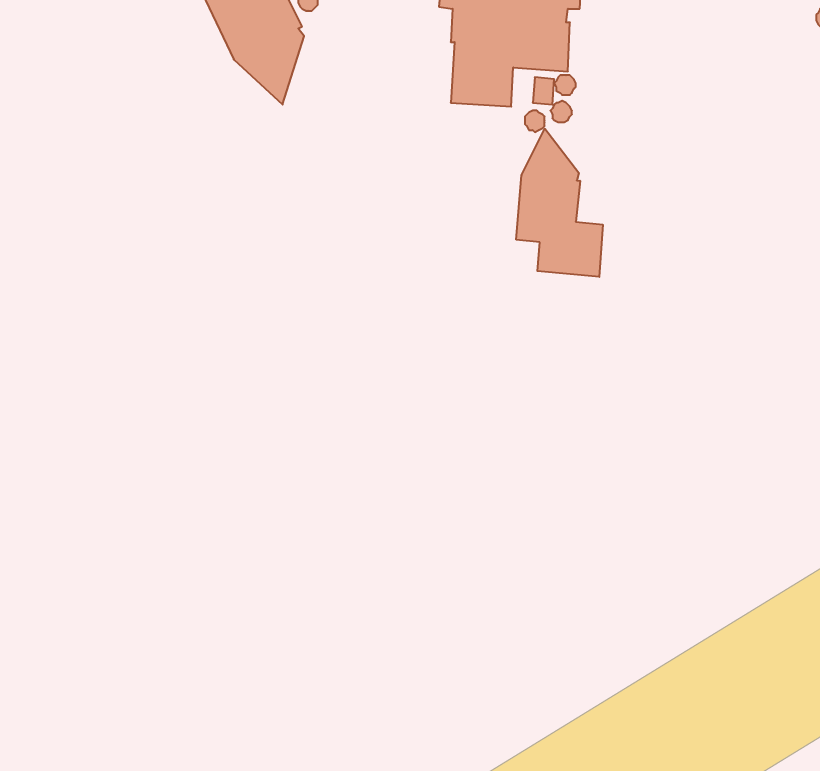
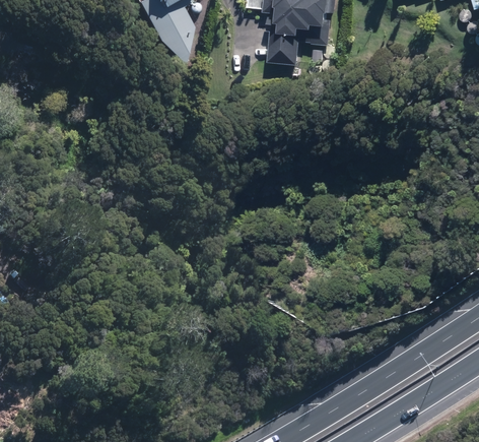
building: [516,129,603,277] -> none

